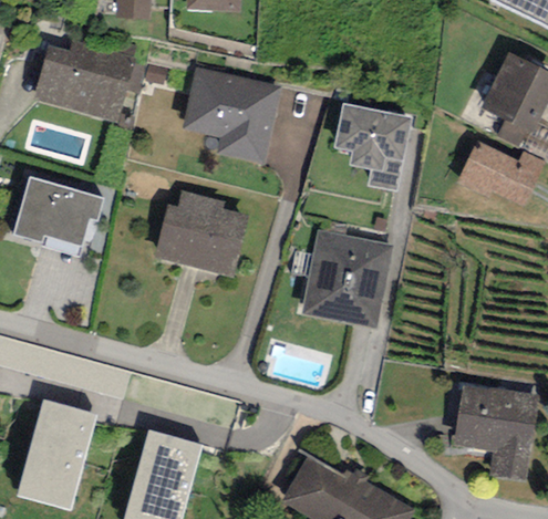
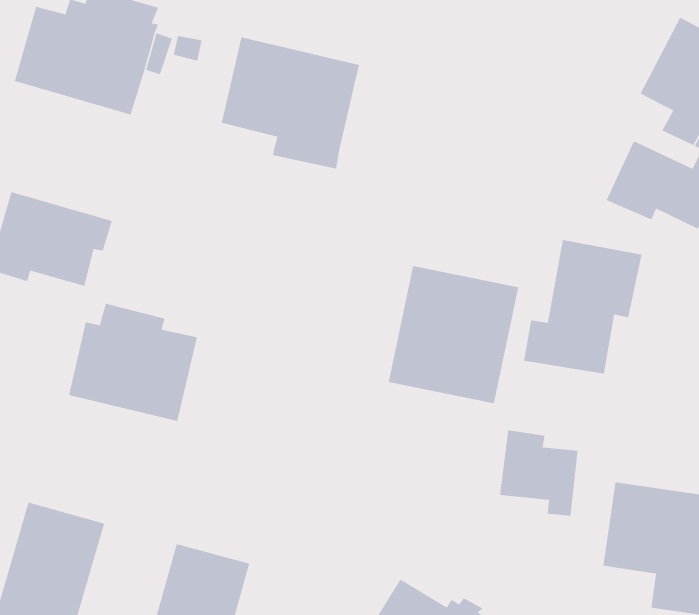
building: [333,102,412,189] -> none
building: [155,189,248,274] -> [68,303,198,422]
building: none -> [523,239,642,374]
building: none -> [499,430,579,517]

